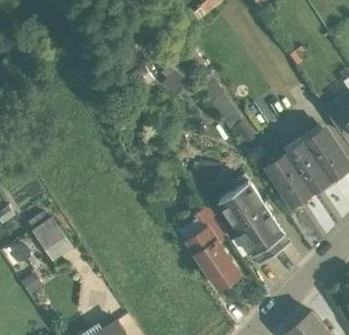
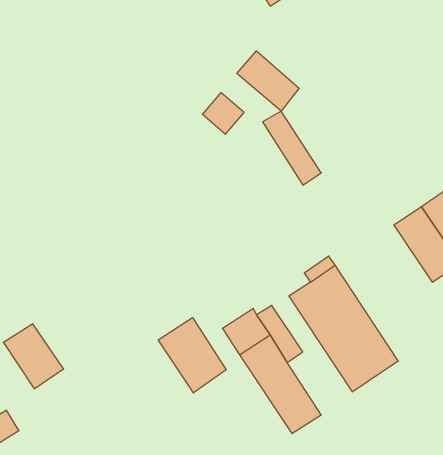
building: none -> [237,51,299,111]
building: [268,155,311,204] -> none
building: none -> [158,318,226,393]

